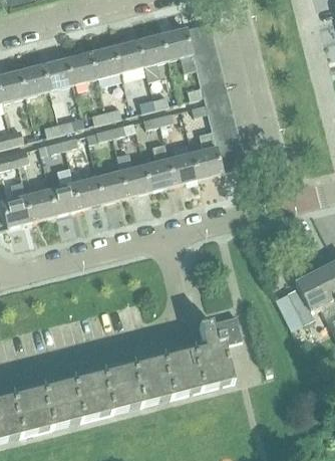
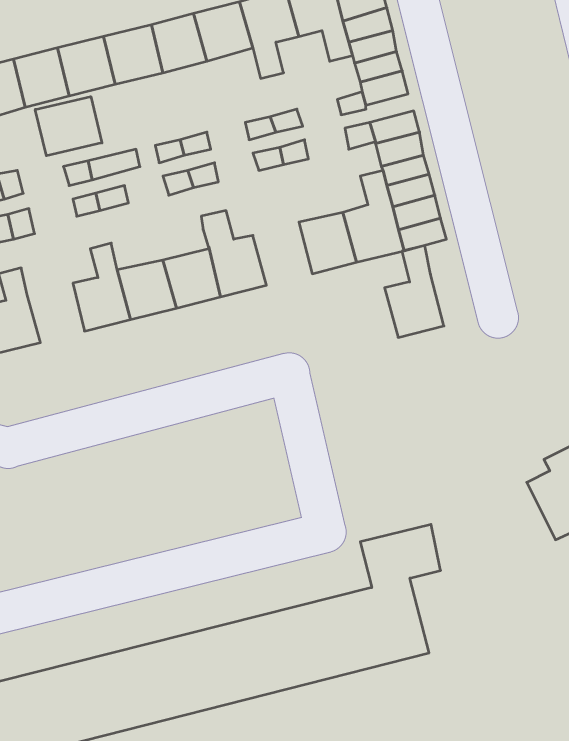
building: none -> [35,97,102,156]
building: [142,142,174,190] -> [385,246,444,337]
building: [24,189,54,220] -> none

